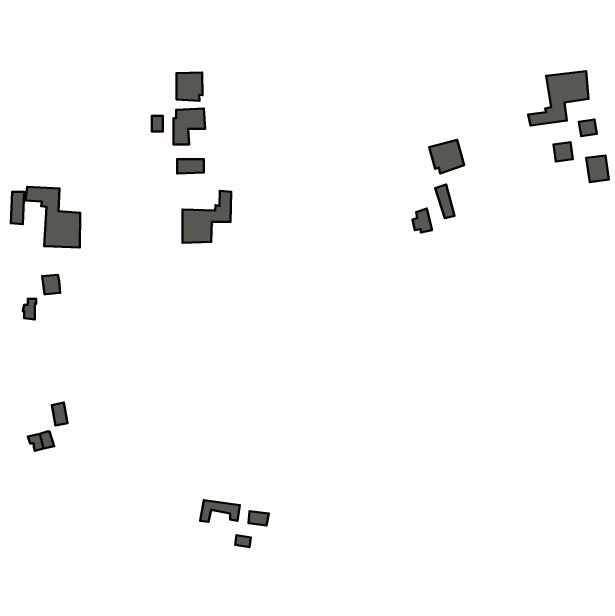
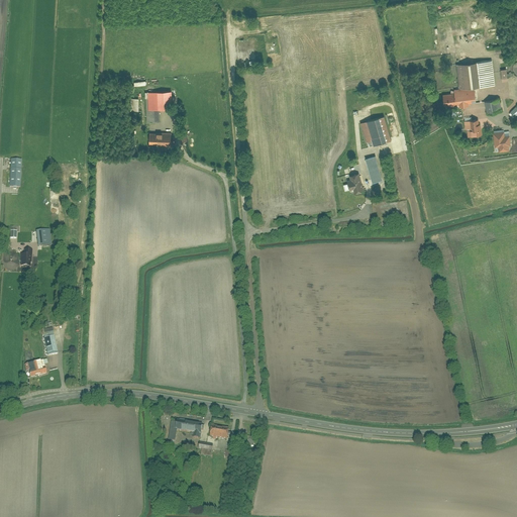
building: [177,73,202,101] -> none
building: [26,187,80,247] -> none
building: [182,191,231,243] -> none

